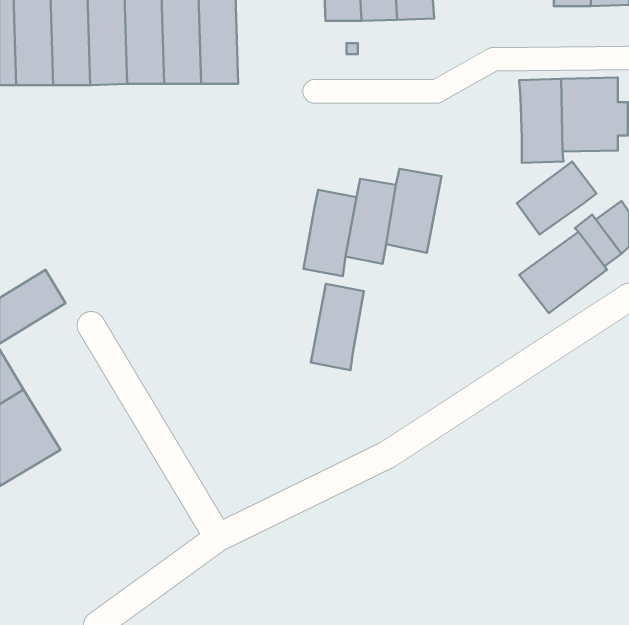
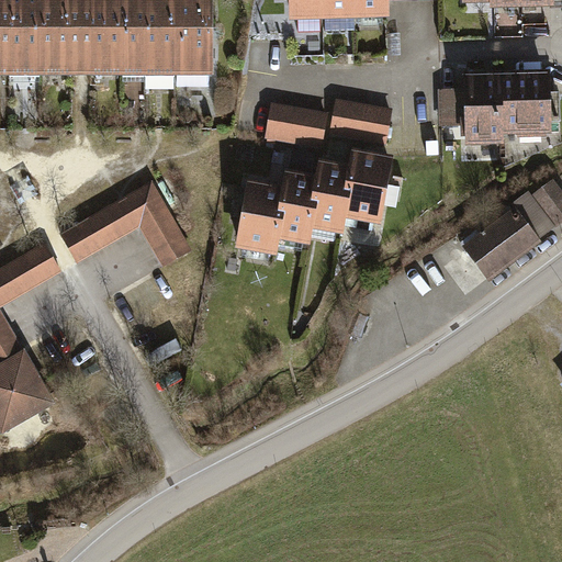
building: none -> [438,87,464,124]
building: none -> [329,95,392,142]
building: none -> [265,100,327,146]
building: [517,162,597,235] -> none
building: none -> [63,179,192,268]
building: [311,284,364,370] -> [233,178,280,255]

